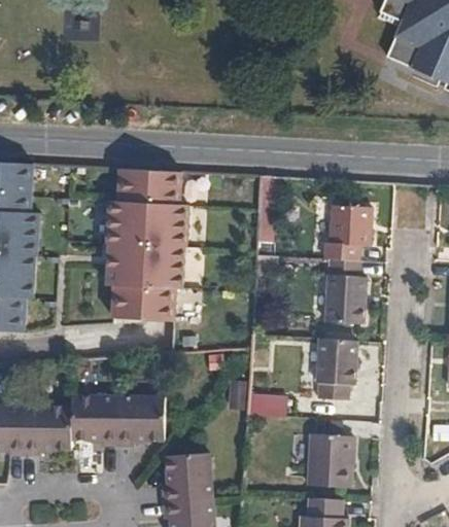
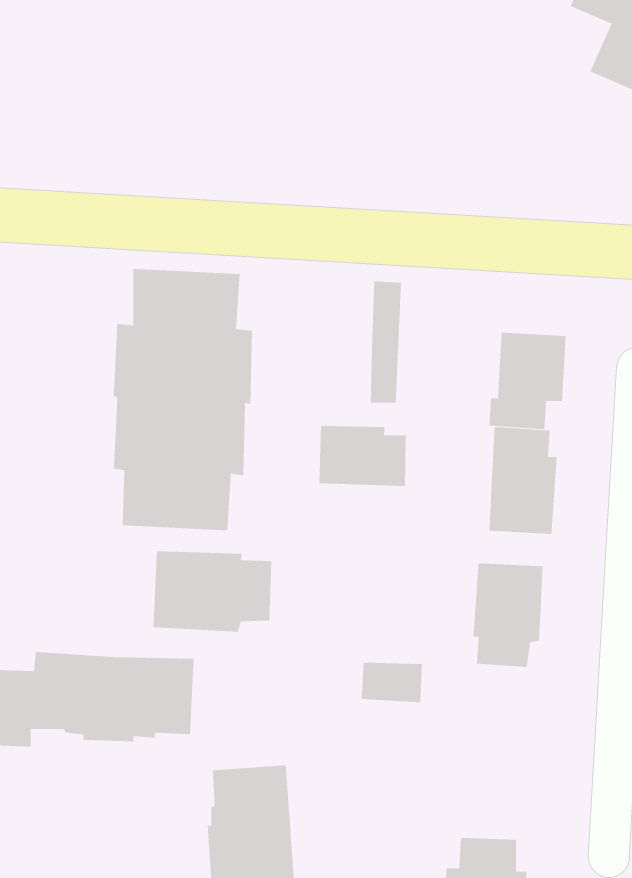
building: none -> [319,425,407,487]
building: none -> [153,550,272,632]
building: [307,434,354,488] -> none

